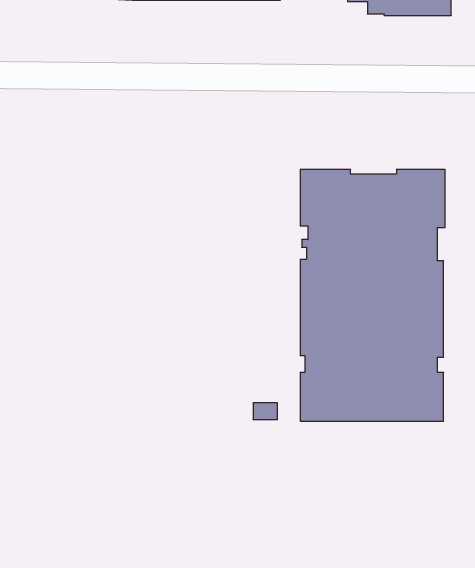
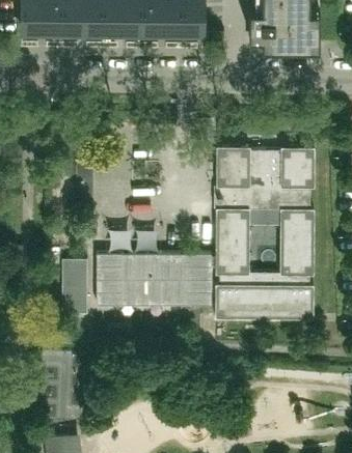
building: none -> [97,253,212,305]
building: none -> [62,260,87,315]

